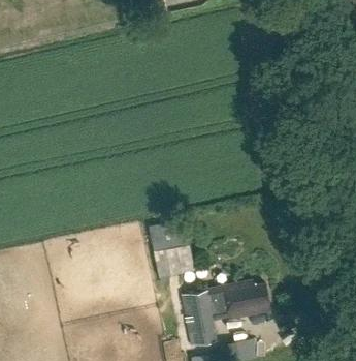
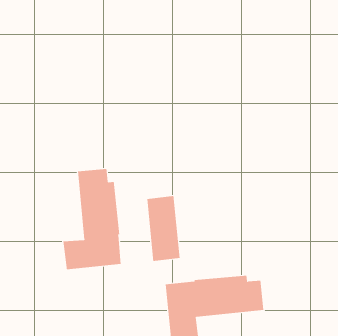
building: none -> [63,168,121,270]

